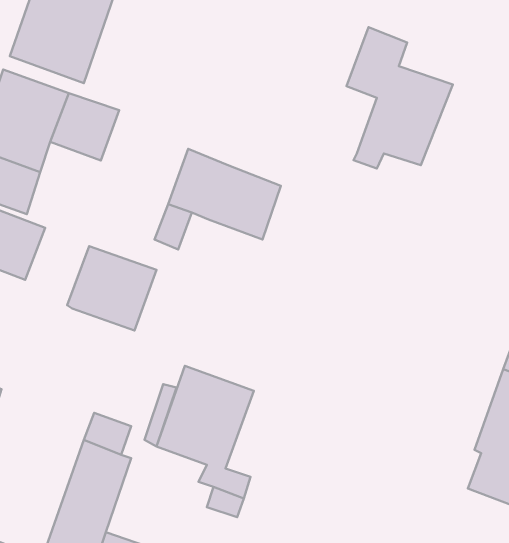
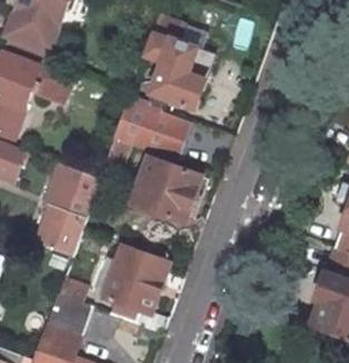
building: [347,27,453,169] -> [142,15,212,108]
building: none -> [129,155,198,220]
building: none -> [34,206,90,259]

